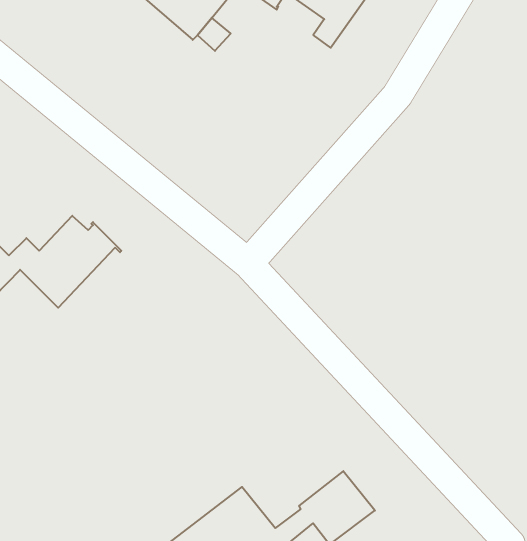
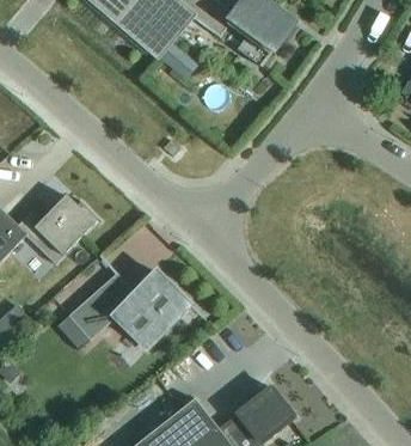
building: none -> [68,270,184,348]

